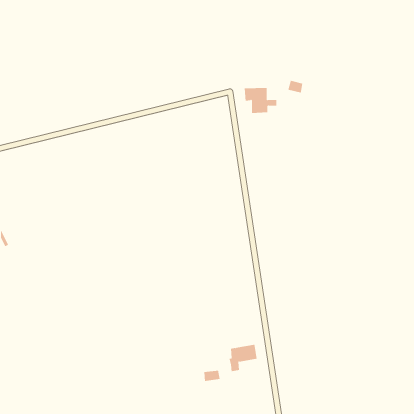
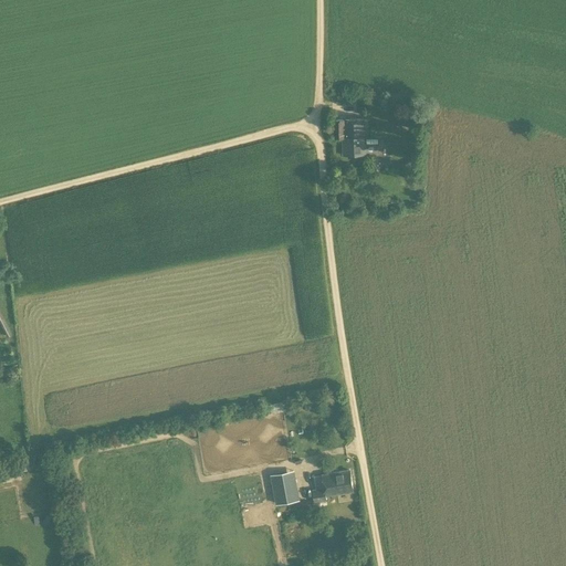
building: none -> [272,478,297,504]

